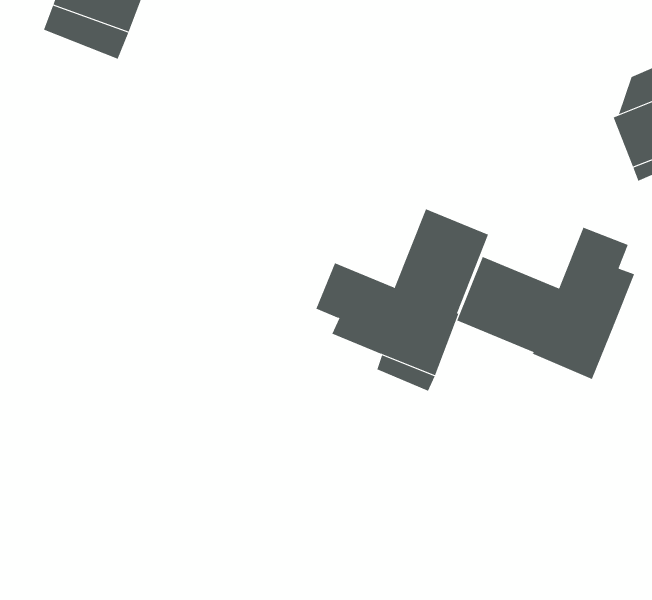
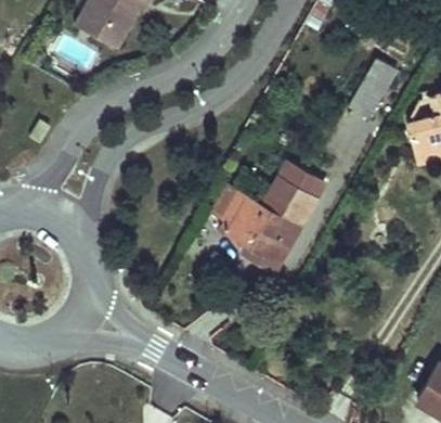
building: none -> [349,60,397,120]
building: [456,227,635,380] -> none

